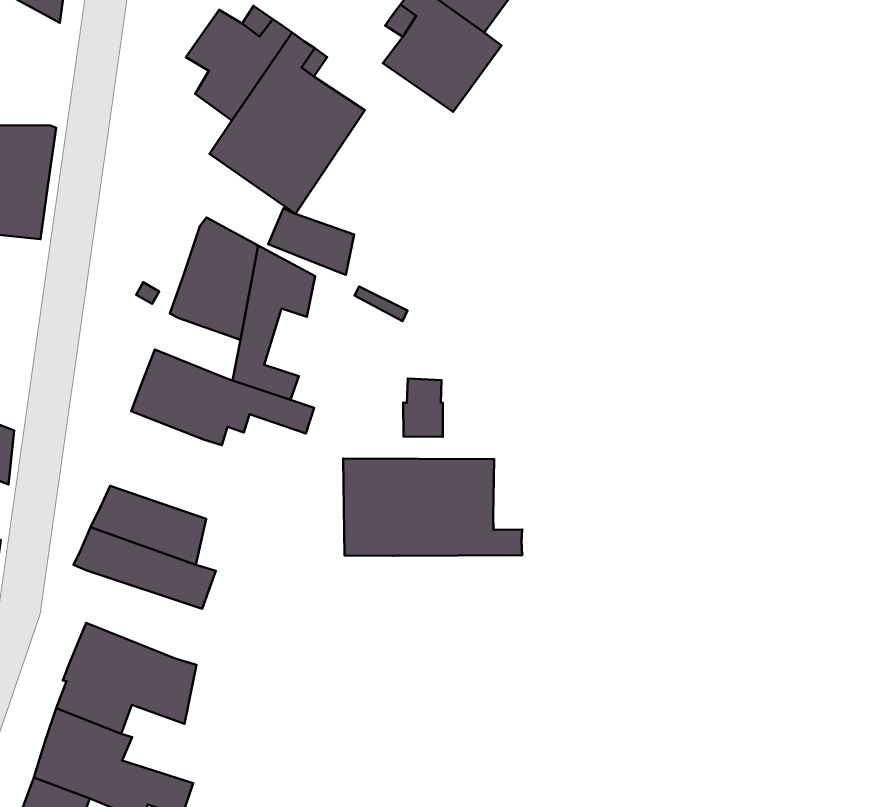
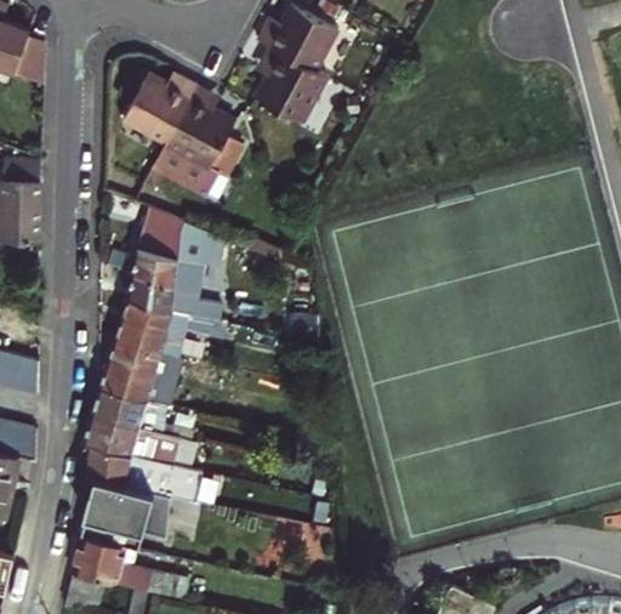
building: [268,208,354,275] -> [124,273,178,312]
building: none -> [99,339,173,403]
building: [343,459,522,556] -> none
building: none -> [87,444,205,502]

